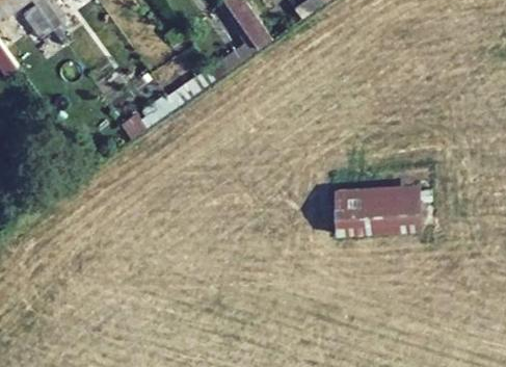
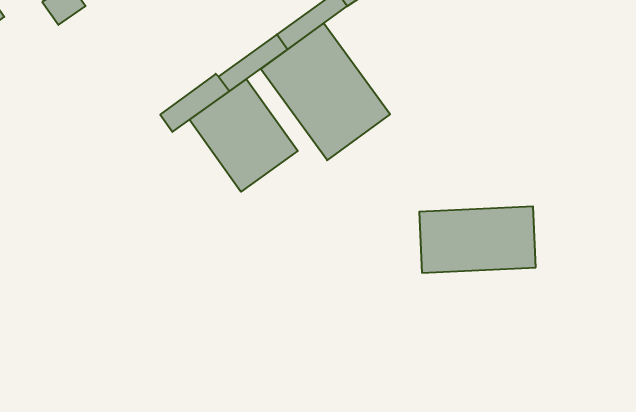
building: none -> [261,23,390,160]
building: none -> [189,79,298,192]

